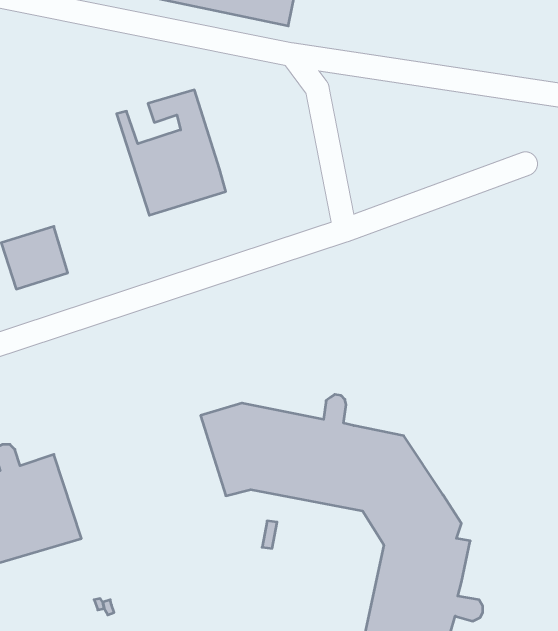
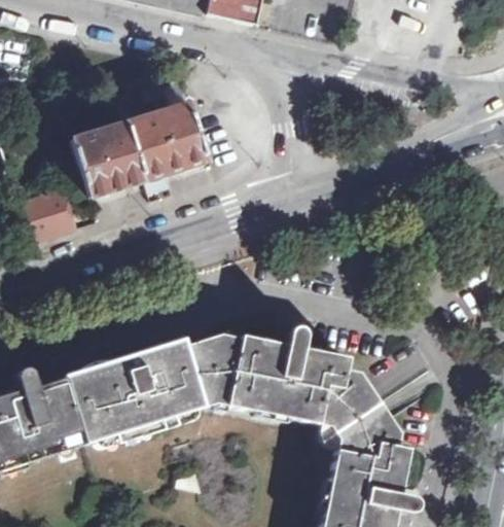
building: none -> [72,96,144,197]
building: none -> [66,338,207,445]

